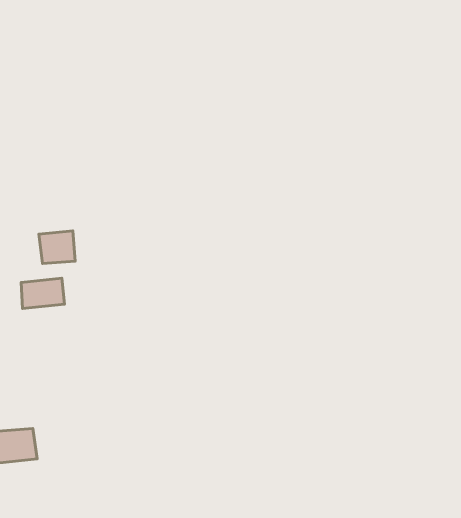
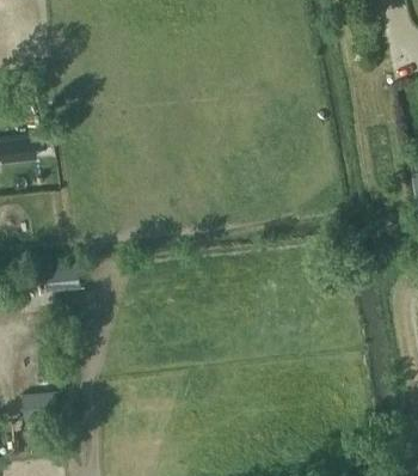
building: [39,231,75,263] -> none

